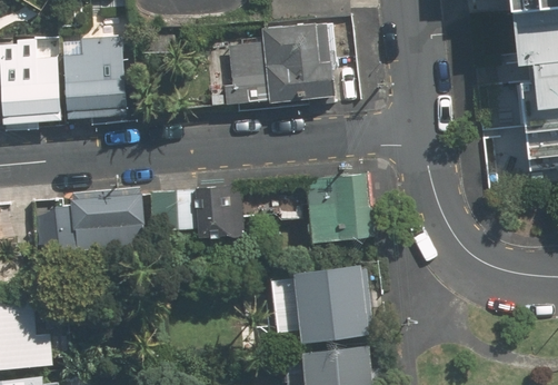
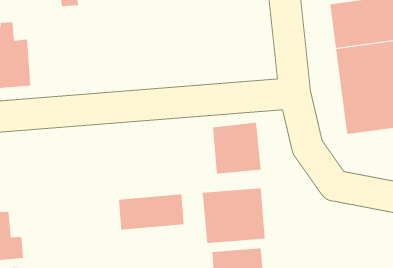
building: [222,22,332,105] -> none
building: [61,33,127,121] -> none
building: [152,184,243,234] -> [118,194,184,230]
building: [54,194,142,250] -> none

